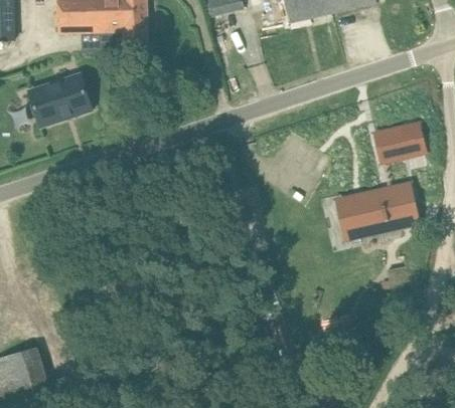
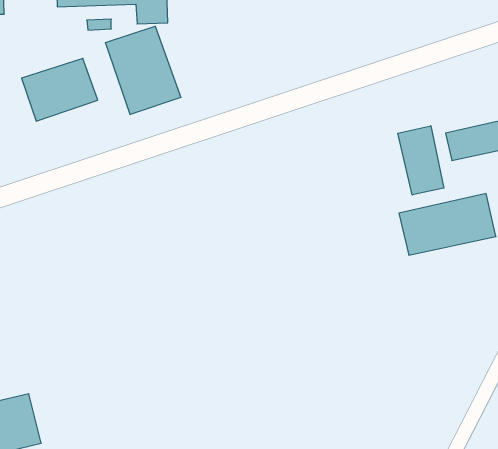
building: none -> [106,26,181,115]
building: none -> [398,126,444,195]

